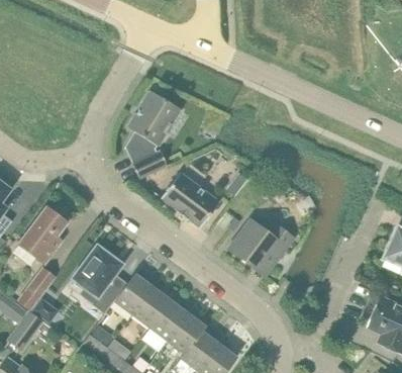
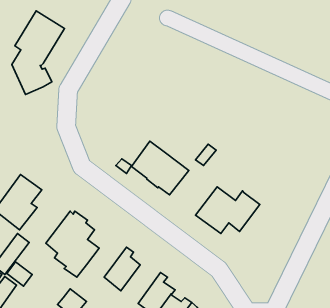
building: [124,91,179,178] -> [12,11,65,95]
building: [113,273,155,313] -> none
building: [148,300,190,341] -> none

